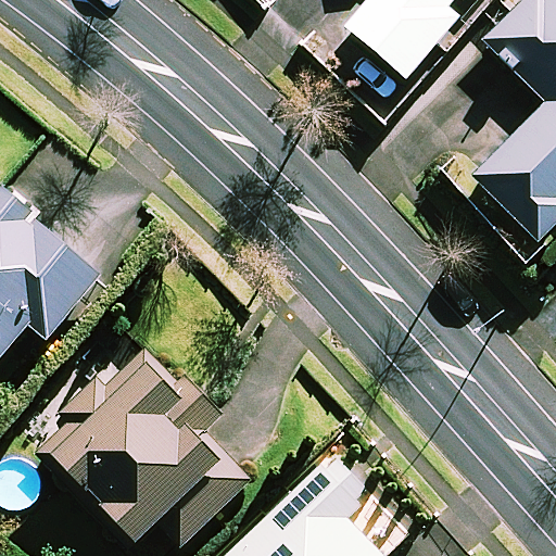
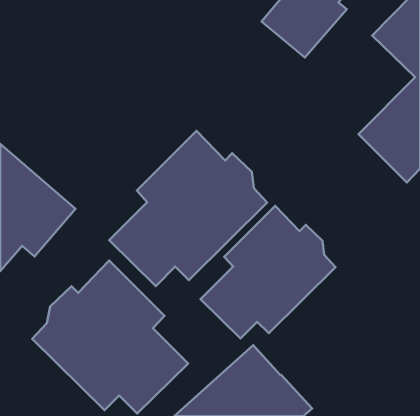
building: none -> [109,131,267,286]
building: none -> [200,206,336,338]

